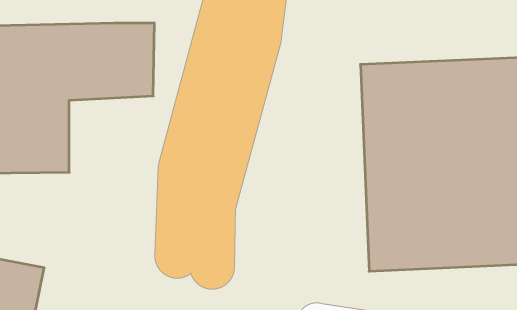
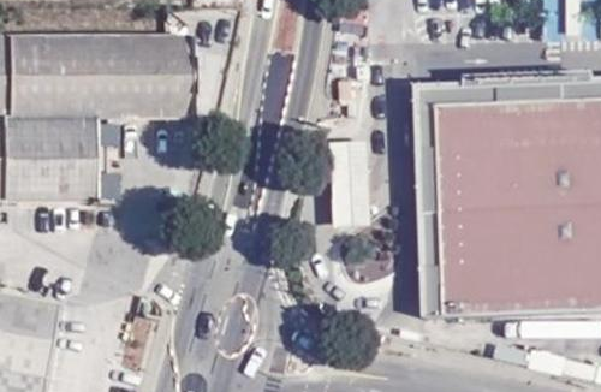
building: none -> [328,131,370,220]

